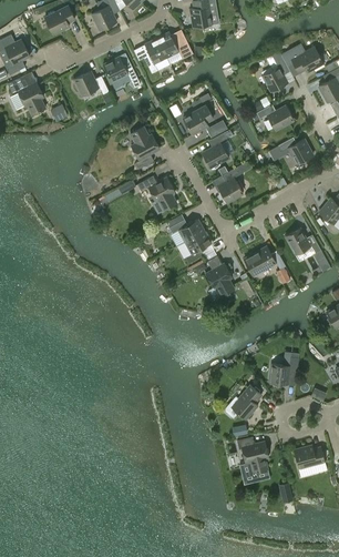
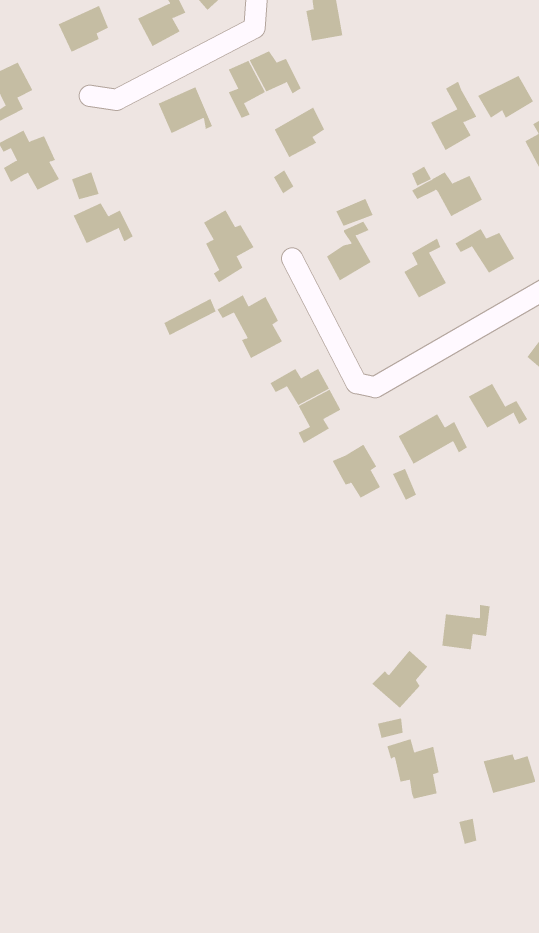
building: [73,72,109,97] -> [73,202,133,244]
building: [183,105,213,135] -> [274,107,325,158]
building: [217,168,243,203] -> [403,238,447,298]

